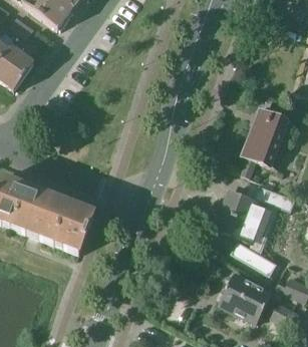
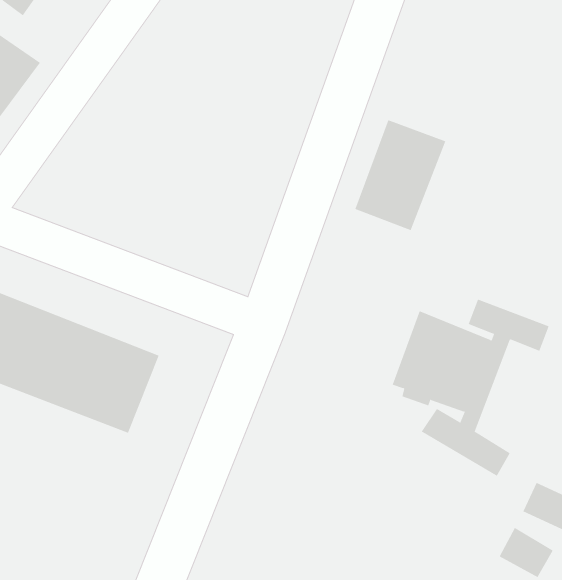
building: [242,109,289,166] -> [355,120,446,231]
building: [221,272,275,323] -> none

